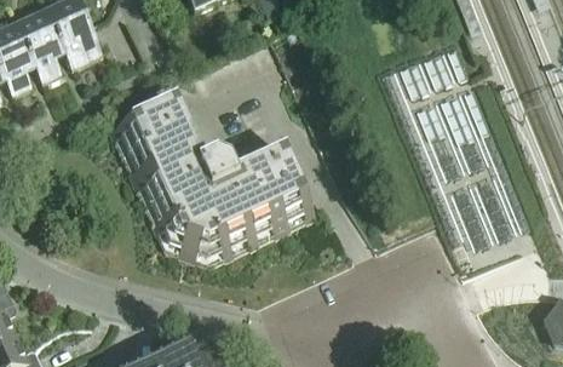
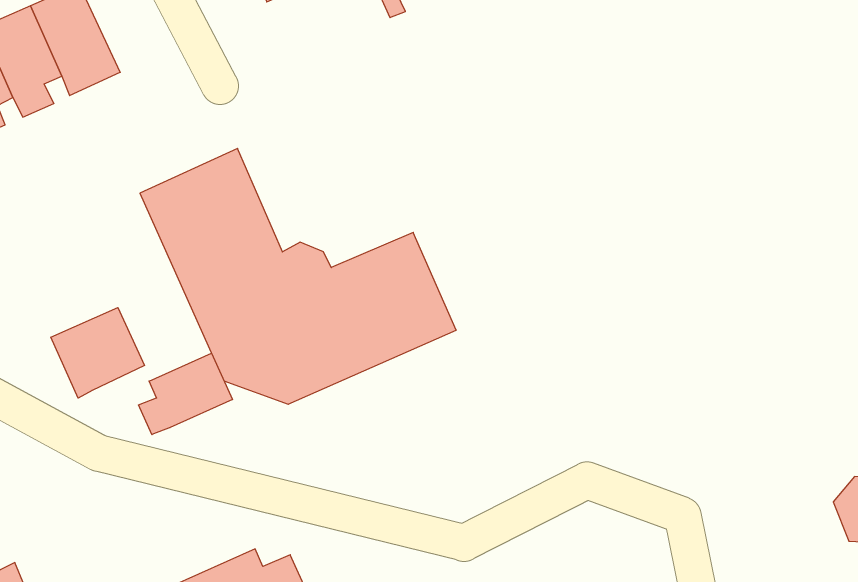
building: none -> [51,308,145,398]
building: none -> [139,353,232,435]

